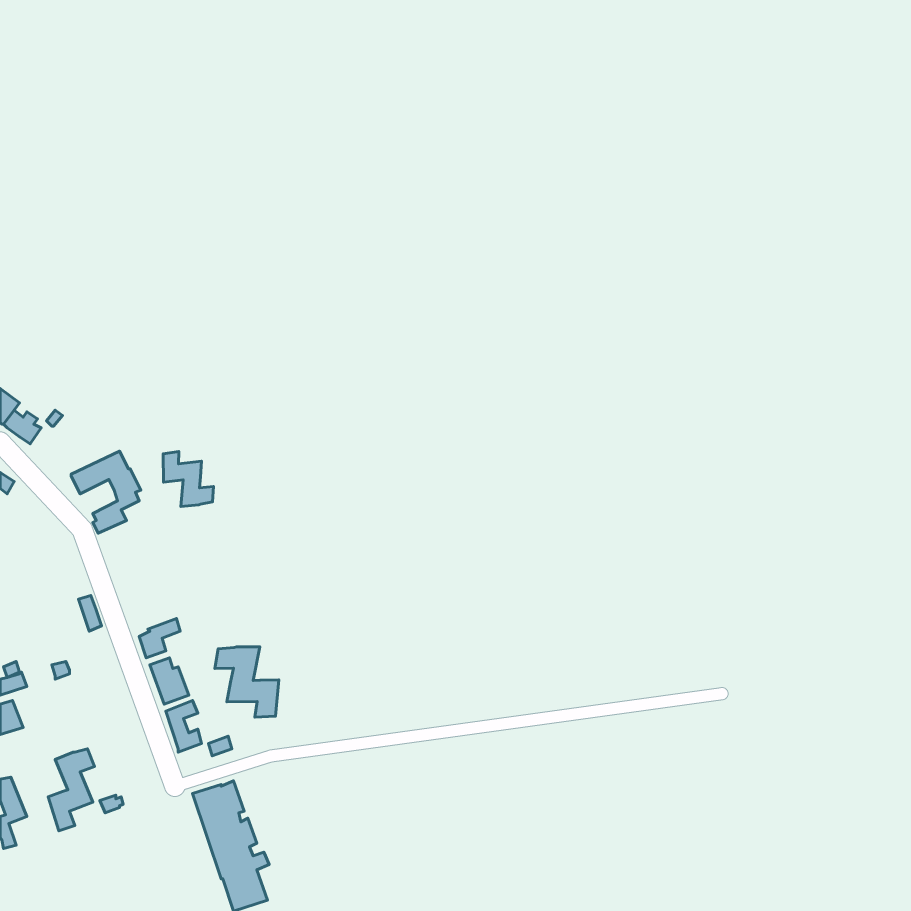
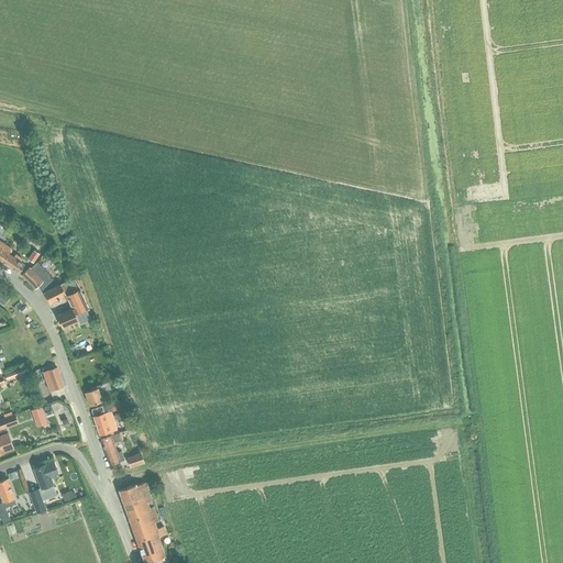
building: none -> [22,263,54,288]
building: [163,451,214,507] -> none
building: [215,647,279,717] -> none

